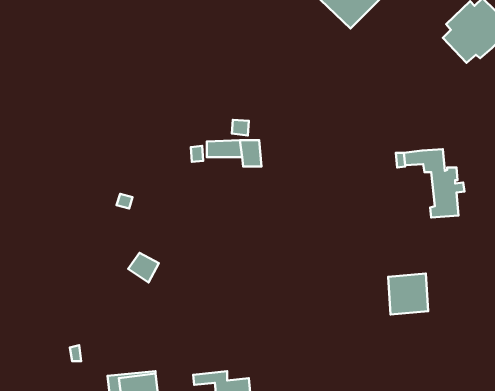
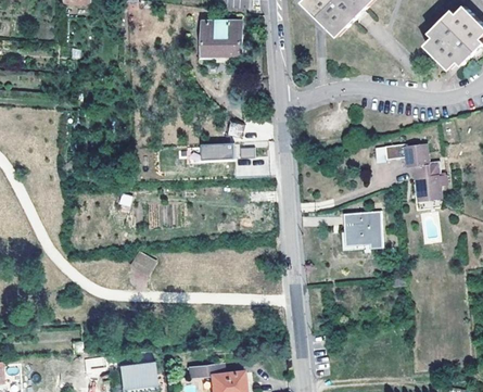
building: none -> [202,18,240,52]
building: [388,274,428,315] -> [343,210,381,249]

